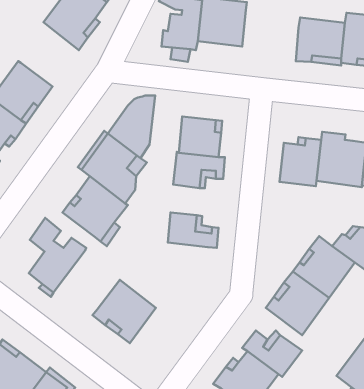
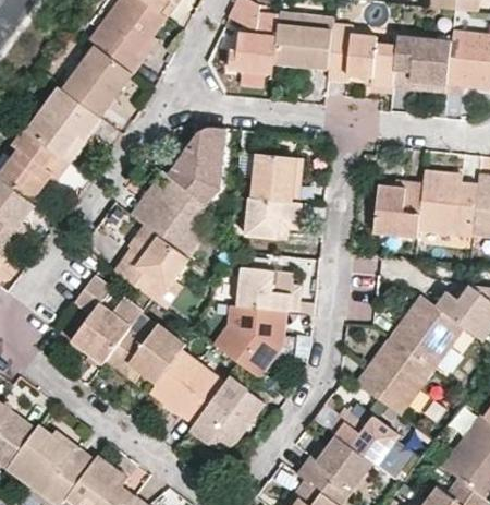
building: none -> [327,25,395,86]
building: none -> [62,45,132,117]
building: none -> [212,303,286,376]
building: none -> [105,314,182,385]
building: none -> [188,376,264,446]

